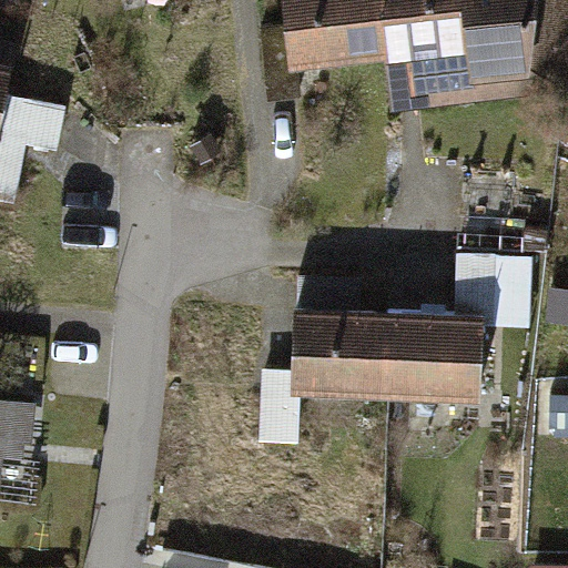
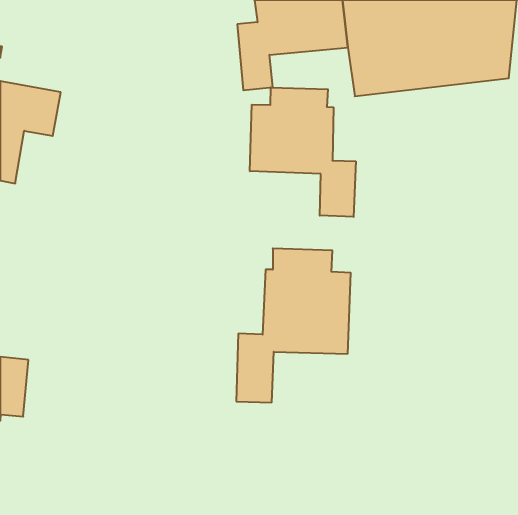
building: none -> [250,87,356,217]
building: [381,250,530,416] -> none

